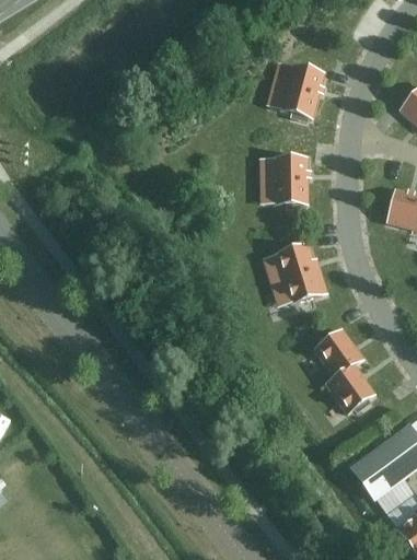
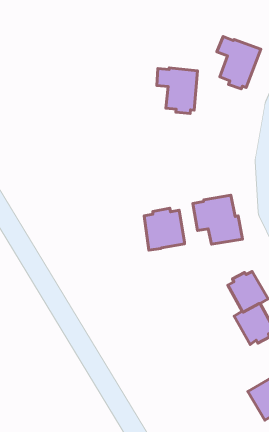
building: [259,156,306,207] -> [157,68,197,114]
building: none -> [144,208,185,250]

